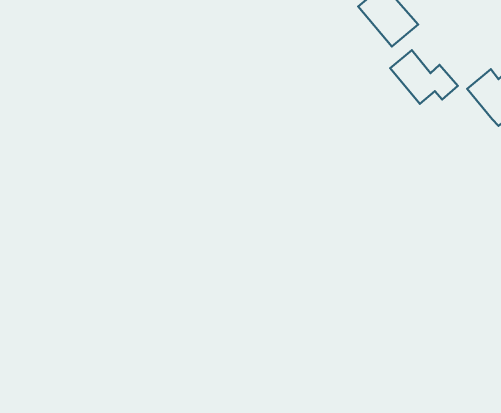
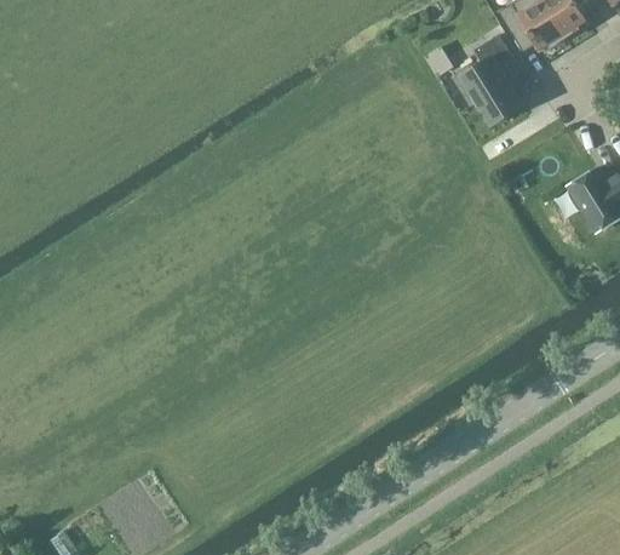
building: [390,50,458,104] -> none

